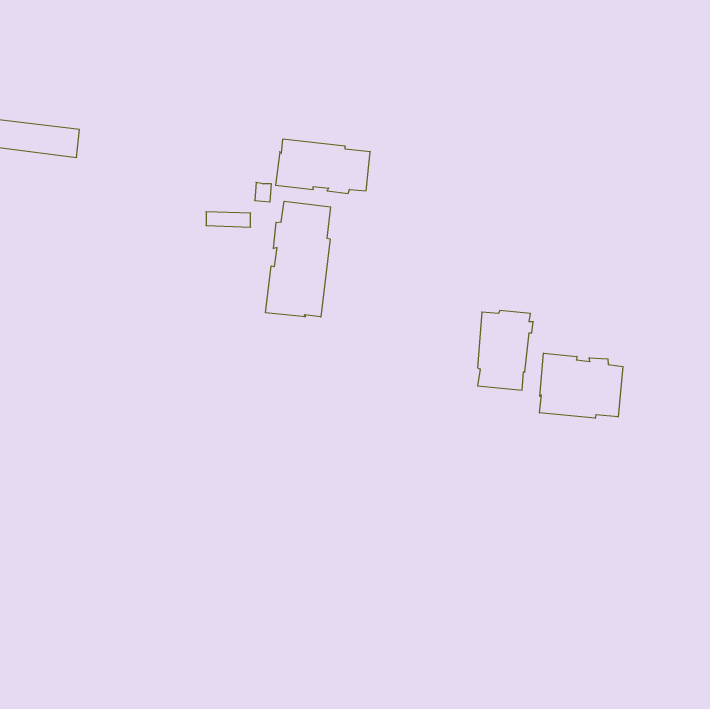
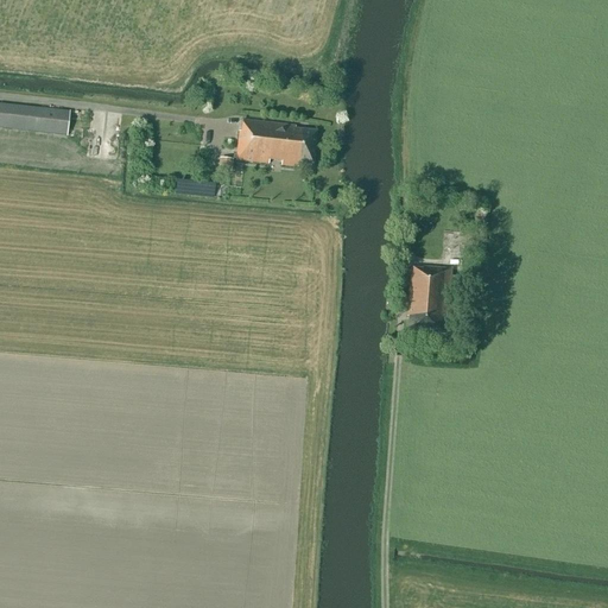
building: [266,201,331,317] -> none
building: [540,353,623,418] -> none

